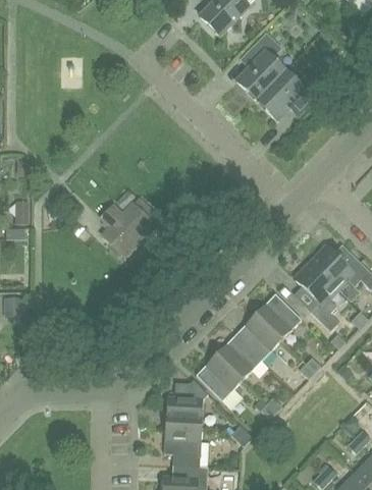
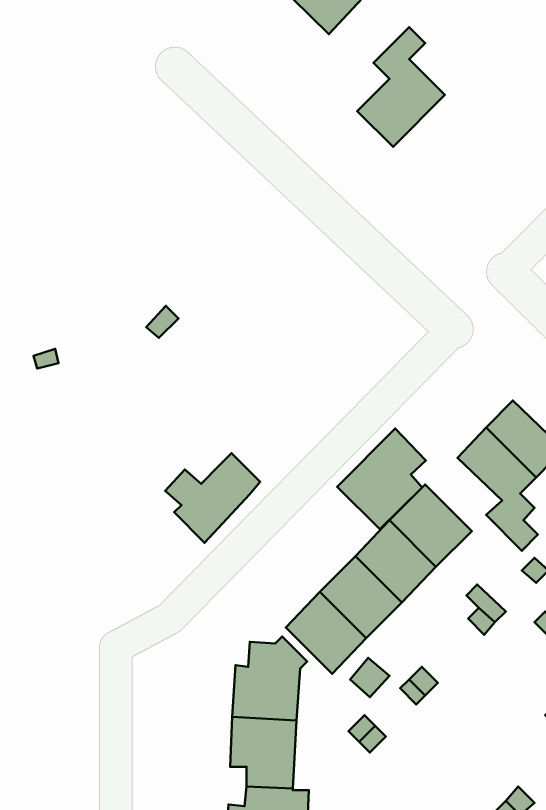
building: [257,71,324,120] -> none
building: [102,197,156,248] -> [165,453,260,543]
building: none -> [337,428,426,529]

